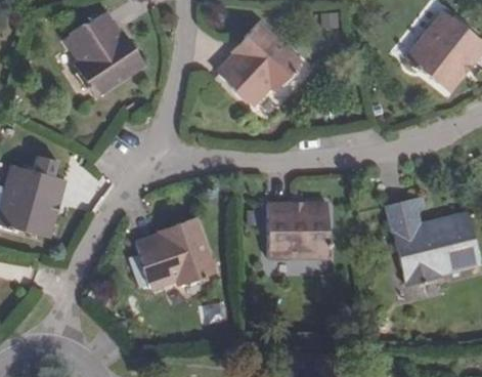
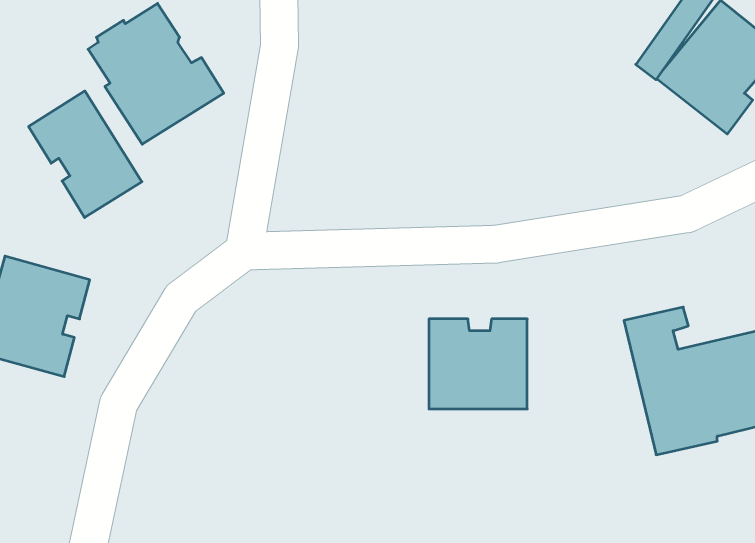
building: [219,20,304,108] -> none
building: none -> [29,91,142,218]
building: [136,216,217,289] -> none

